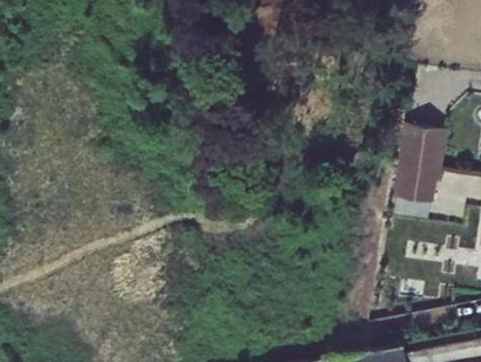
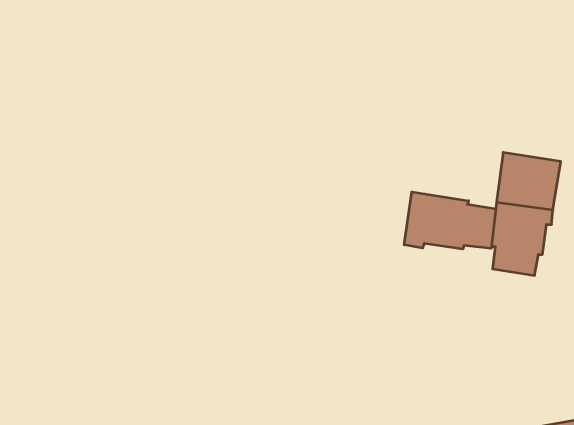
building: none -> [404,192,496,249]

